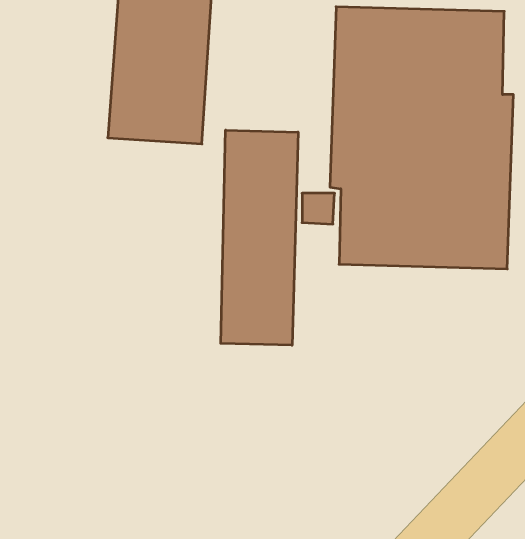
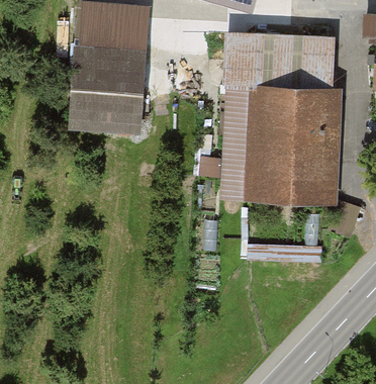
building: [221,130,298,345] -> none

